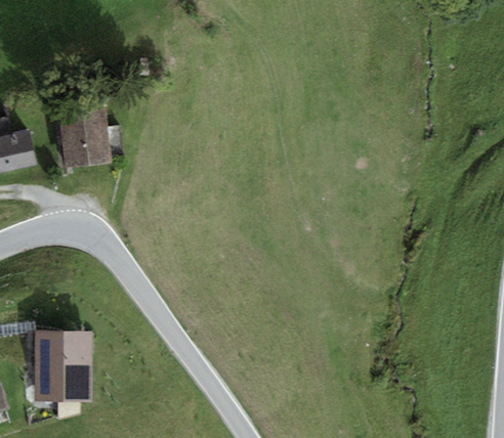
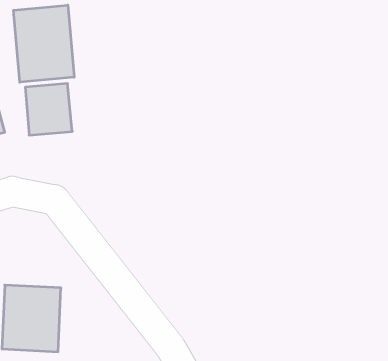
building: none -> [14,5,74,82]

